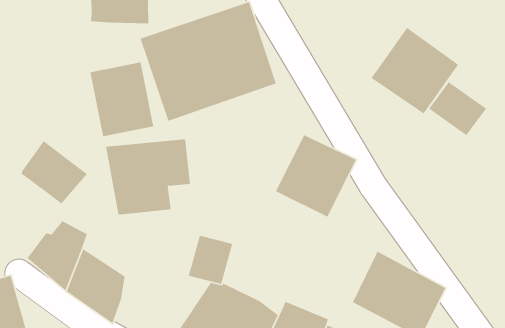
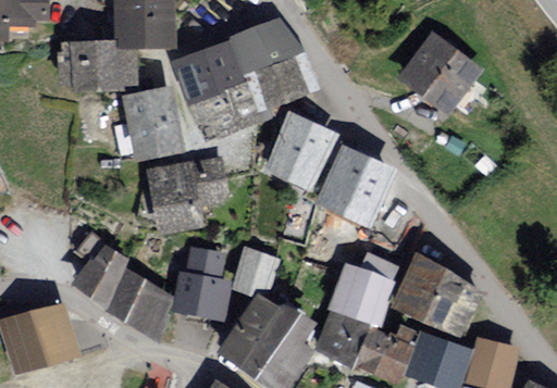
building: none -> [59,37,141,91]
building: [428,81,487,136] -> none
building: none -> [262,112,339,192]
building: [20,140,87,205] -> none
building: none -> [168,243,228,325]
building: none -> [327,252,396,325]

